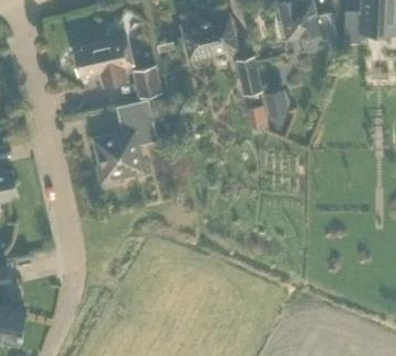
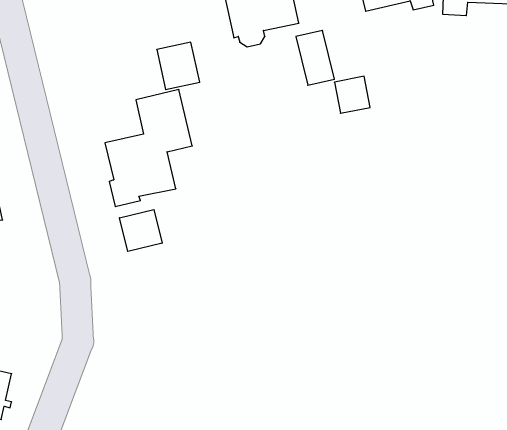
building: [72,38,132,88] -> none
building: none -> [120,210,162,251]

